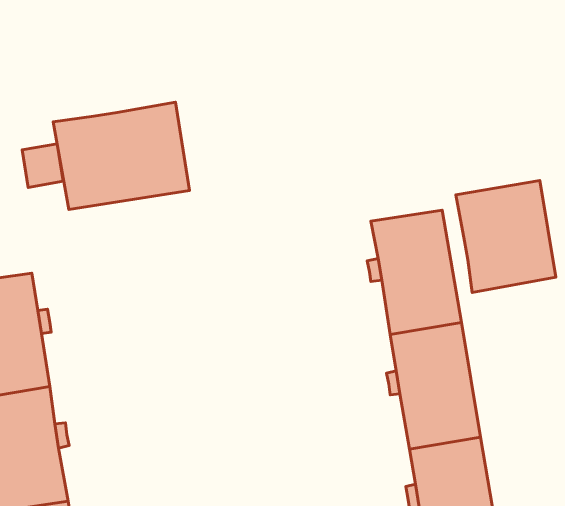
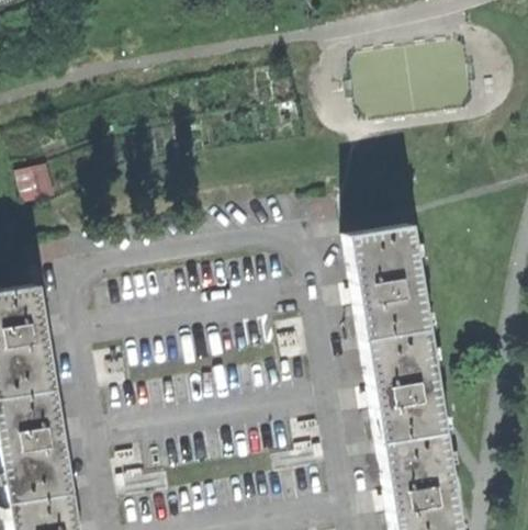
building: [53,102,190,210] -> none
building: [456,181,556,292] -> none

